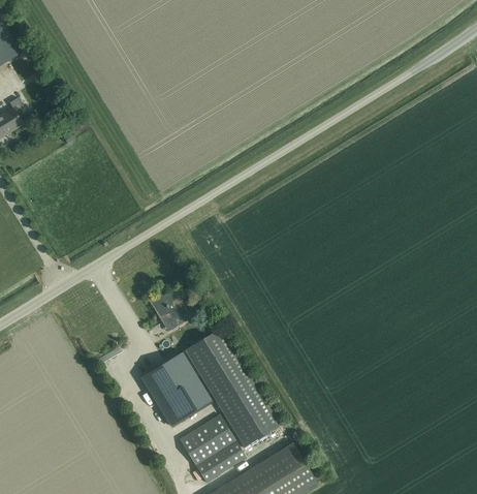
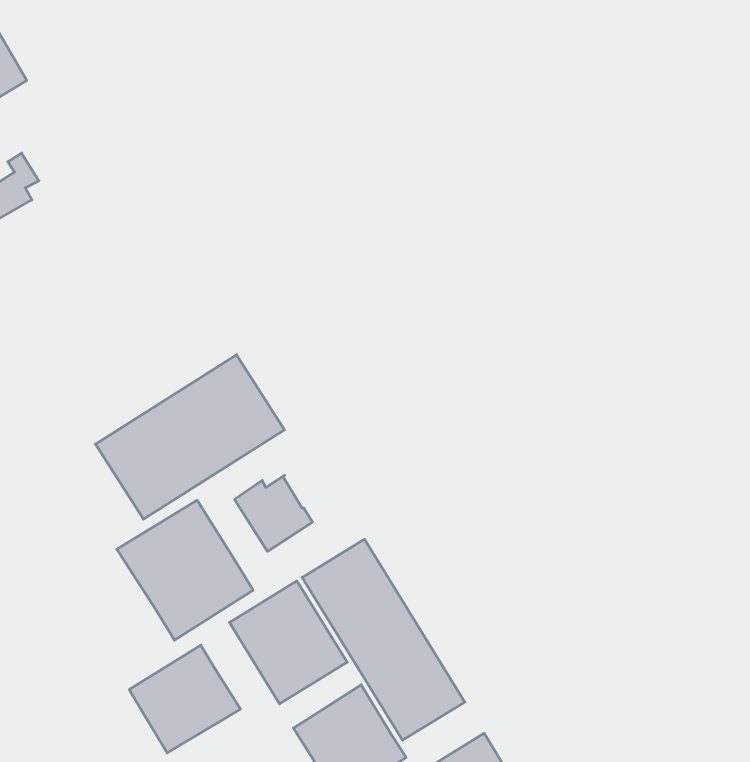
building: none -> [95,355,284,519]
building: none -> [117,500,253,640]
building: none -> [129,645,240,753]

